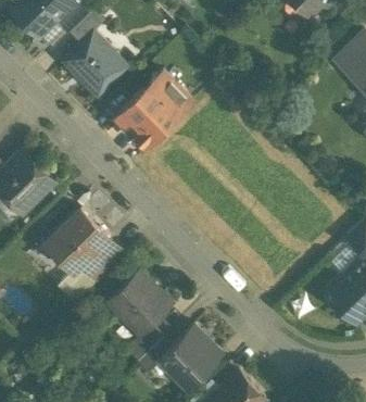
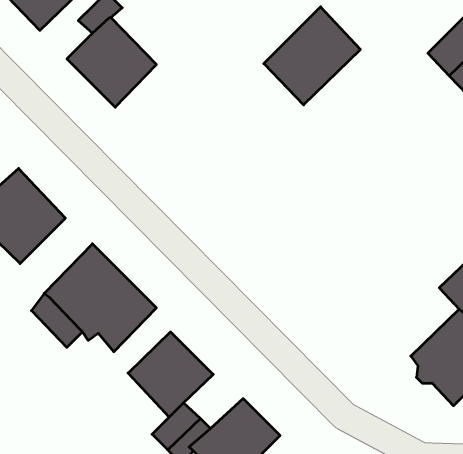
building: [117,73,191,148] -> [264,7,360,105]

